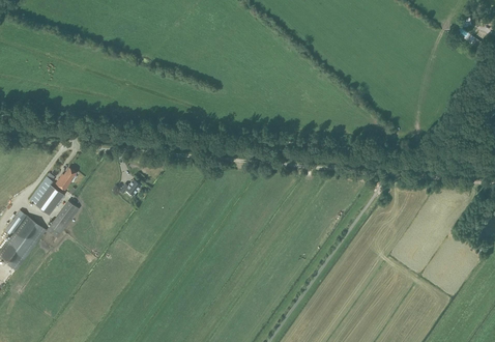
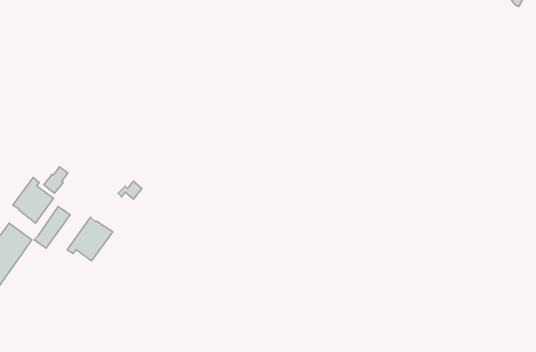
building: none -> [67,217,113,261]

